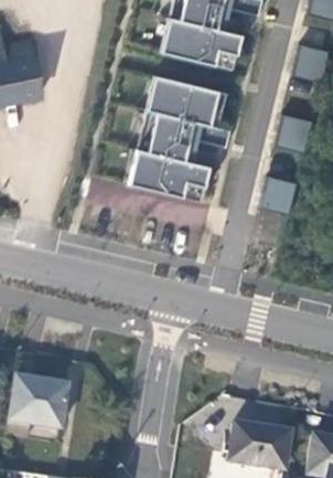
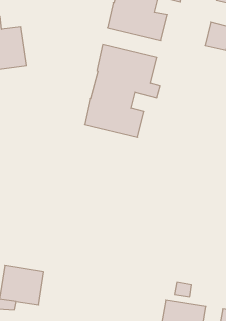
building: [273,114,311,152] -> none
building: [259,176,297,214] -> none

